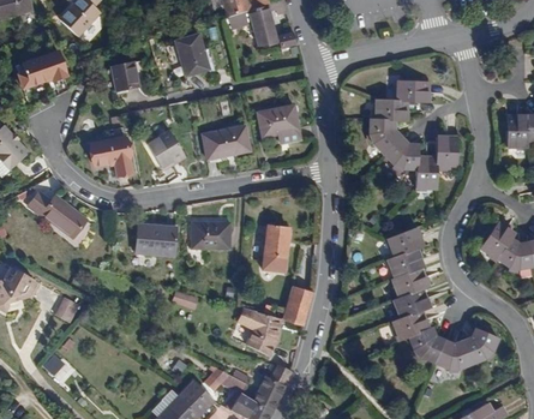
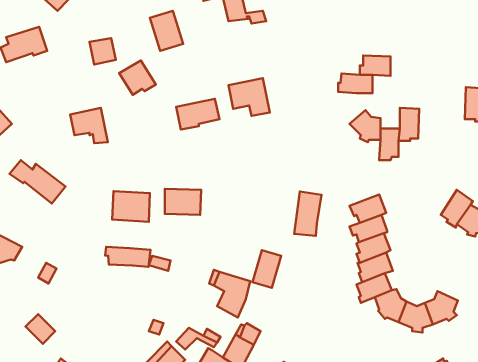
building: [368,119,402,152] -> none
building: [146,131,185,167] -> [119,60,156,95]
building: [260,225,289,271] -> [294,192,322,236]
building: none -> [105,247,151,267]

